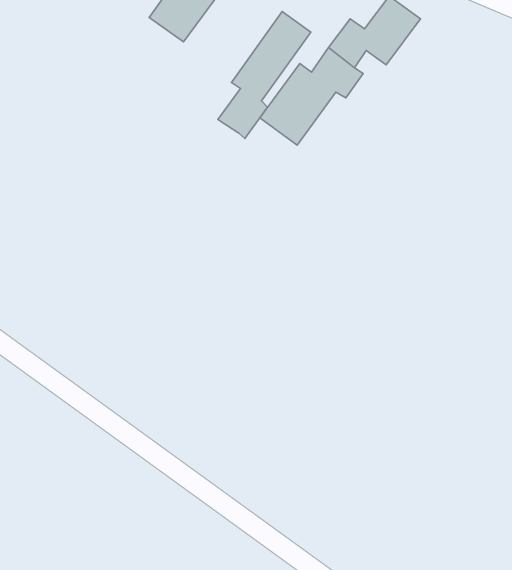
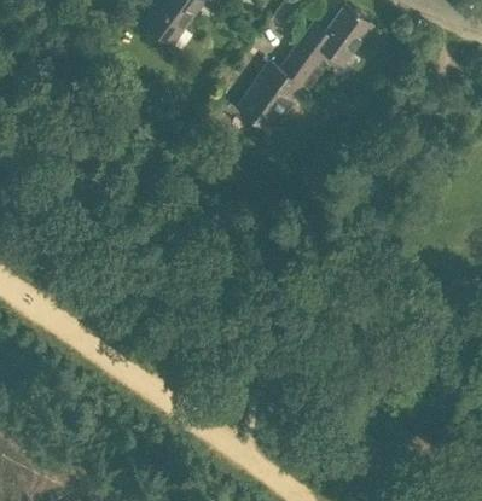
building: [218,11,311,138] -> none

